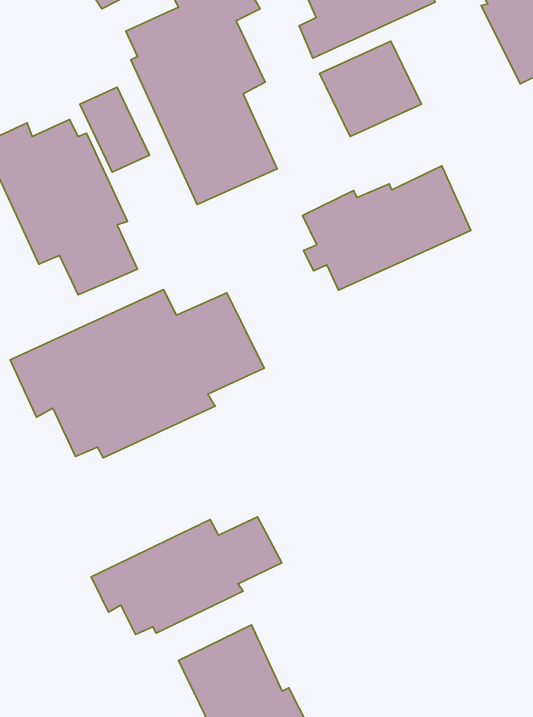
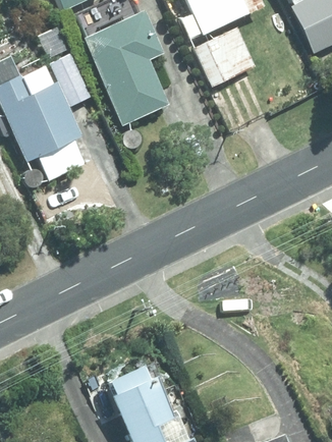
building: [303,166,471,290] -> none
building: [10,289,264,458] -> none
building: [91,517,282,635] -> none

